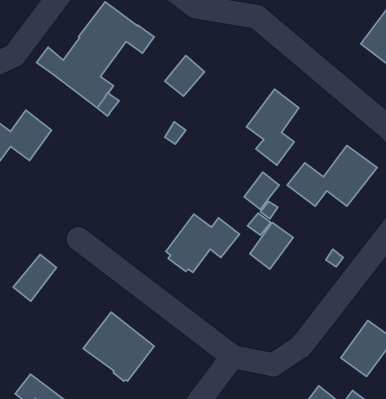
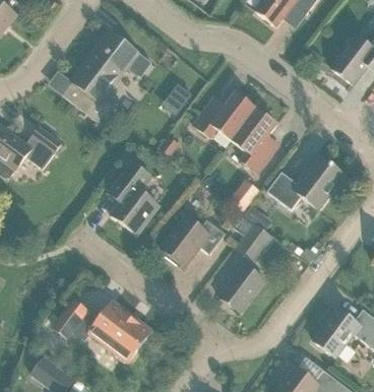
building: none -> [192,91,255,139]
building: none -> [110,161,159,234]
building: [13,255,56,301] -> [50,298,87,338]
building: none -> [217,263,264,312]

